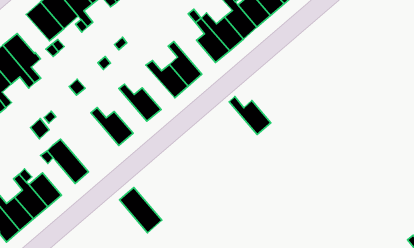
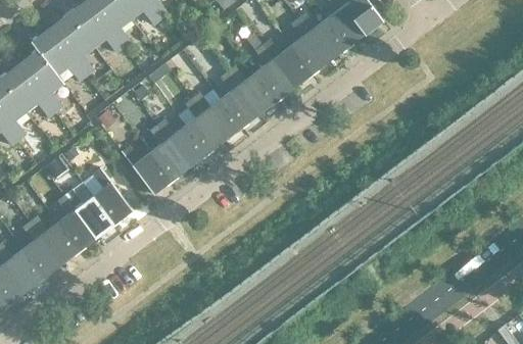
building: none -> [31,28,76,76]
building: none -> [184,98,224,153]
building: none -> [149,125,188,180]
building: [229,97,271,135] -> [227,65,276,113]
building: none -> [57,208,96,250]
building: [119,187,162,233] -> [82,167,132,224]

